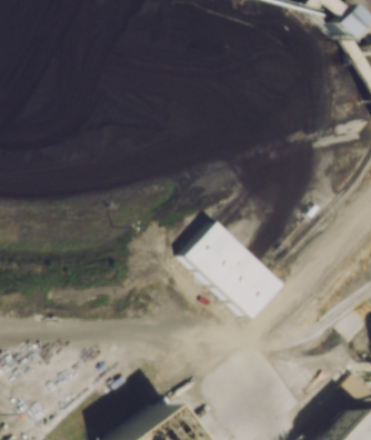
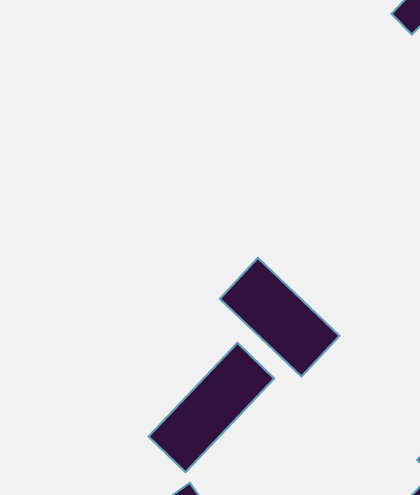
building: none -> [149,343,274,472]

